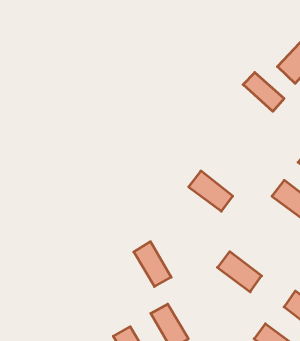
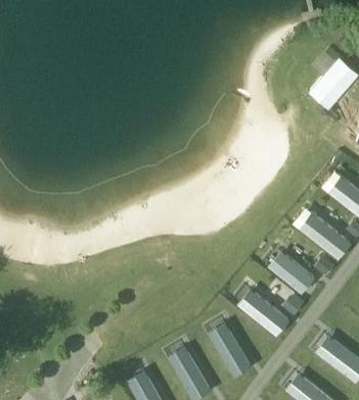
building: [243,72,284,111] -> none
building: [189,171,233,211] -> [266,250,314,294]
building: [134,242,171,287] -> [211,326,252,374]

